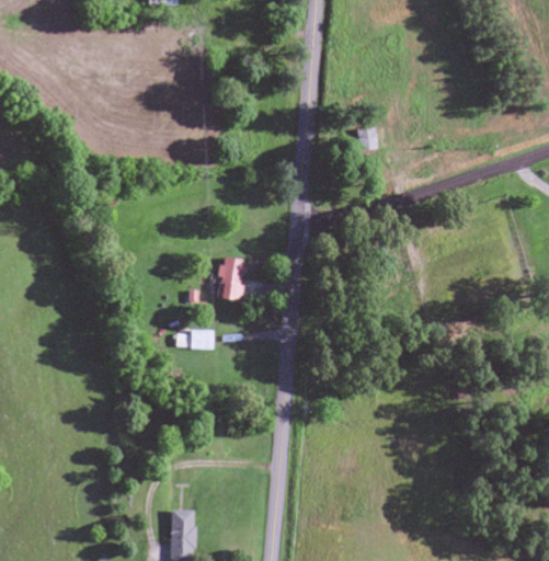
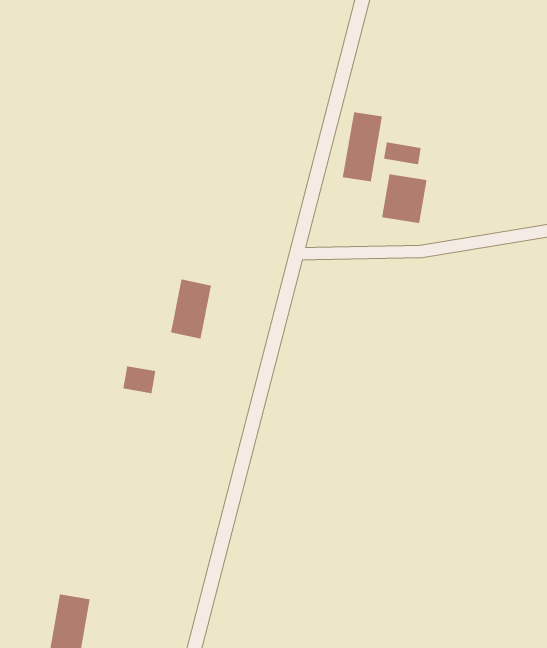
building: none -> [342,112,383,182]
building: none -> [382,174,427,224]

